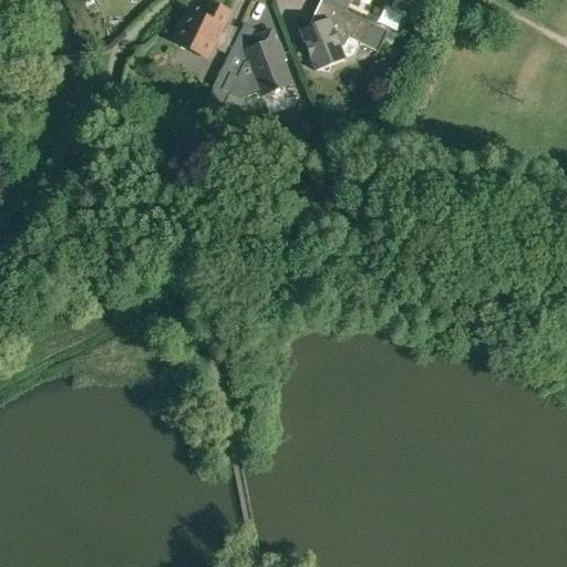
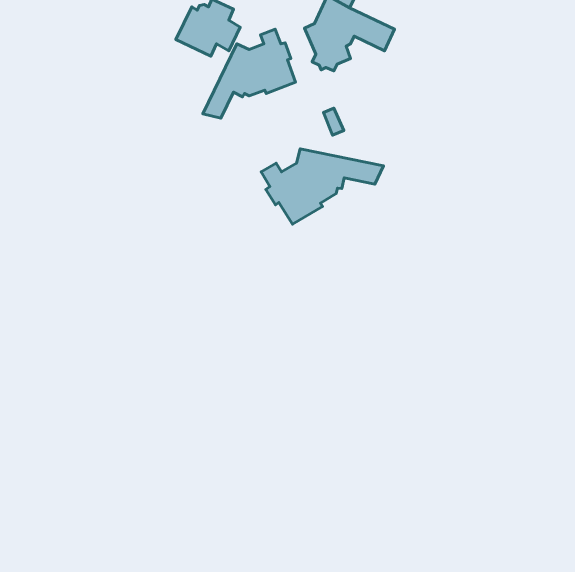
building: none -> [261,149,384,224]

